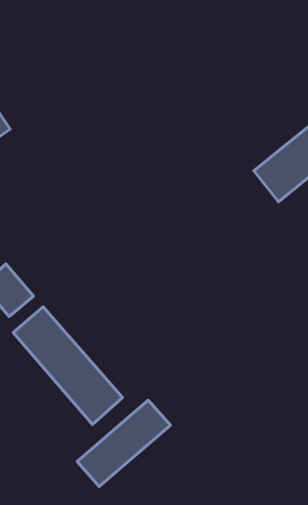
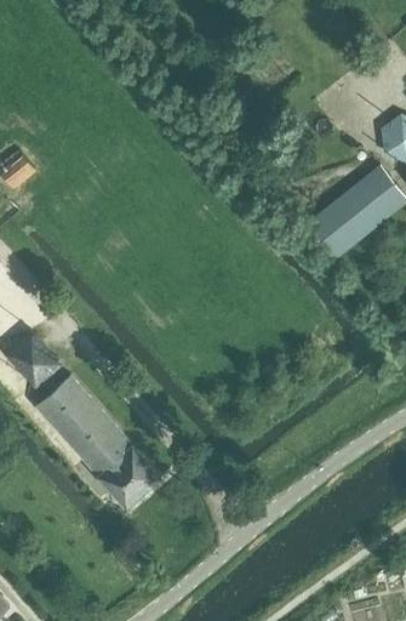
building: [77,400,170,486] -> none

